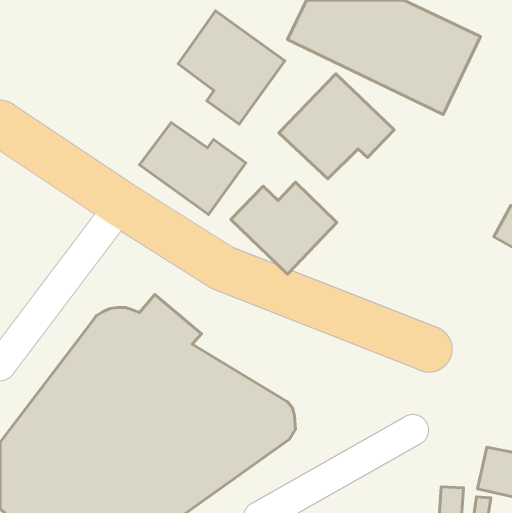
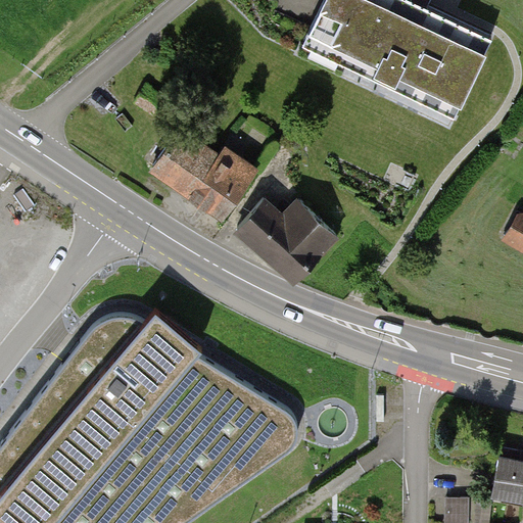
building: [178,11,285,124] -> none
building: [279,74,394,179] -> none

